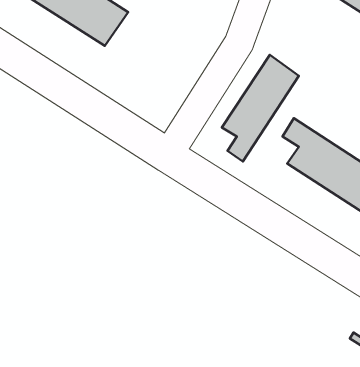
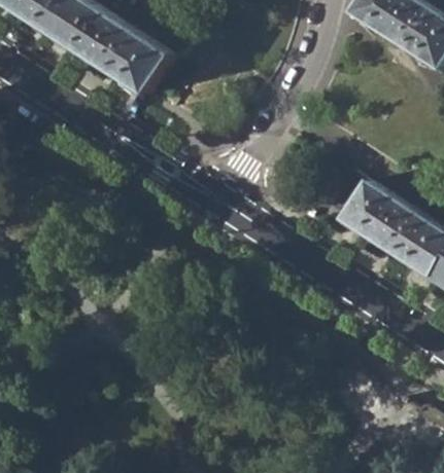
building: [222,55,299,161] -> none

